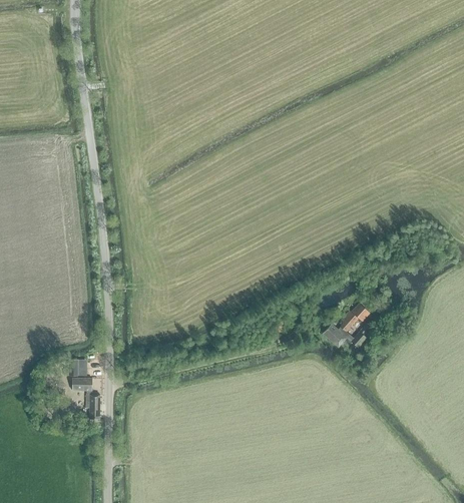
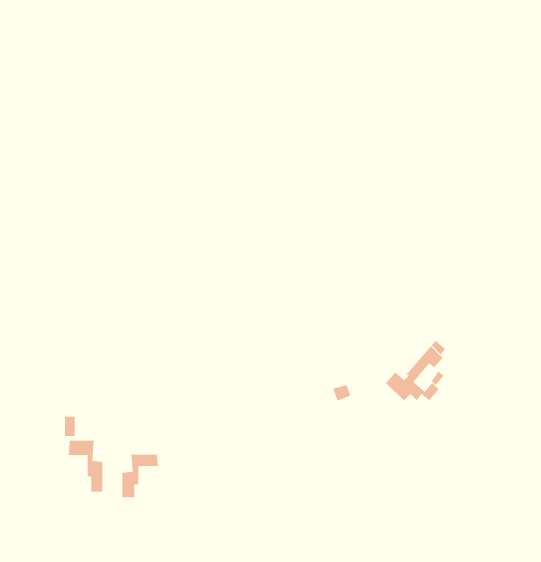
building: none -> [122,454,159,498]

